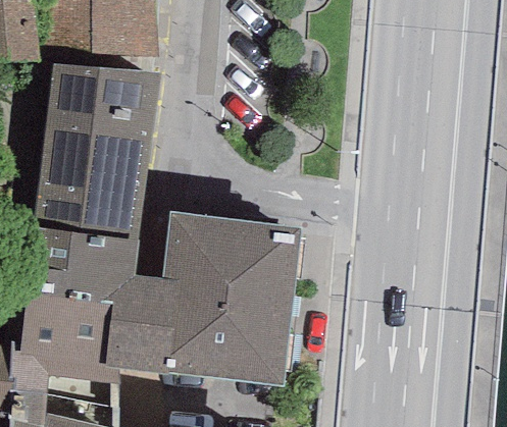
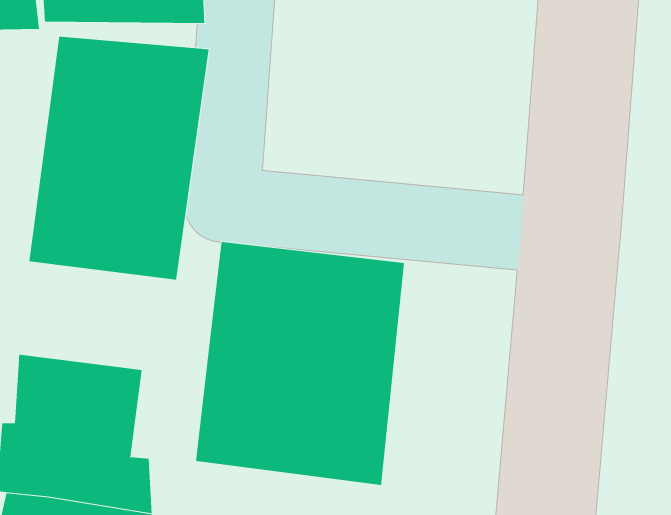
building: [24,226,161,369] -> none

